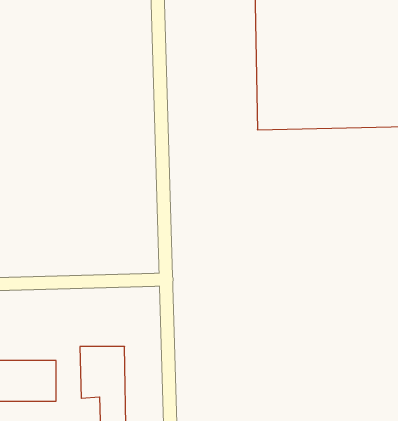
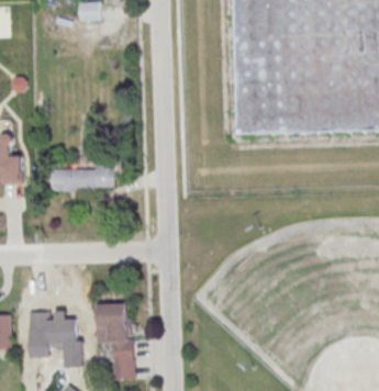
building: none -> [52,164,114,190]

